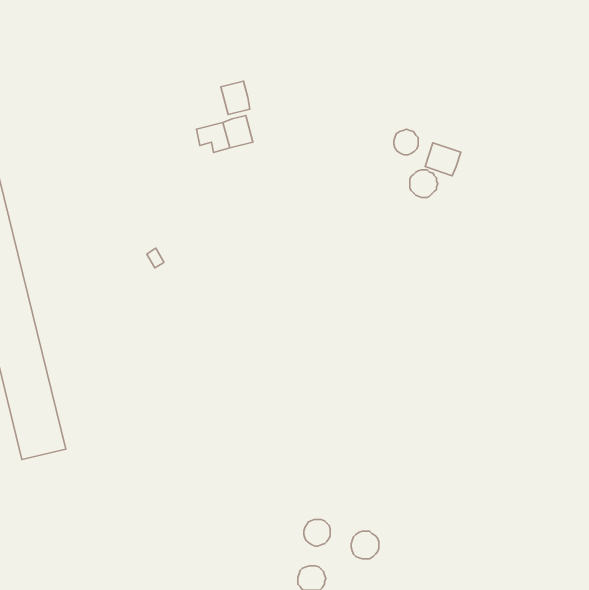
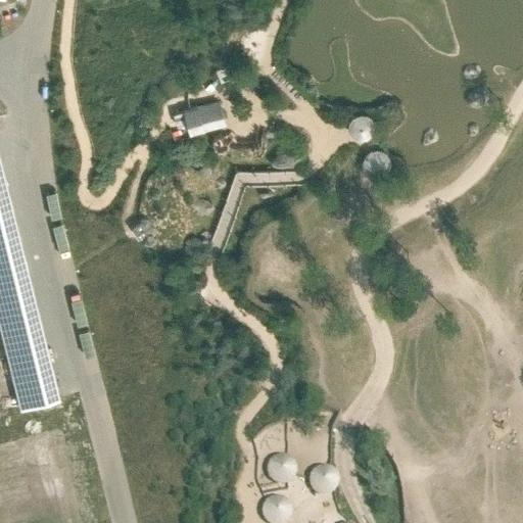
building: [221,81,250,114] -> none
building: [425,143,461,176] -> none

